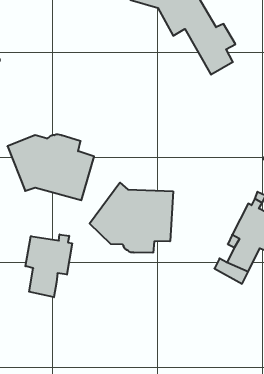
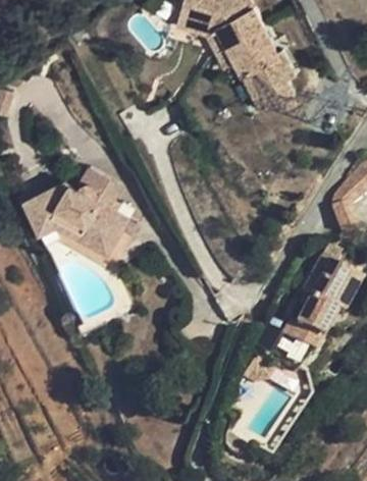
building: [90,183,173,253] -> none
building: [25,234,72,297] -> none

